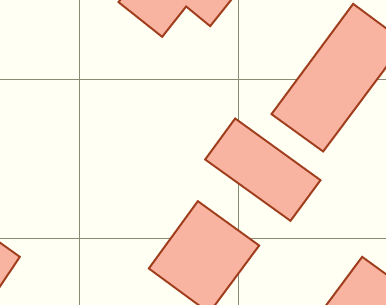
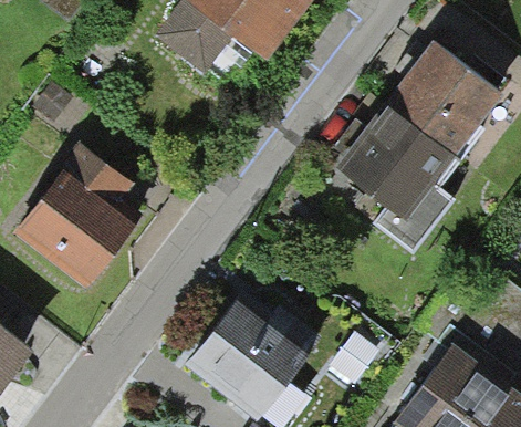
building: none -> [15,145,132,285]
building: [205,118,321,221] -> none

